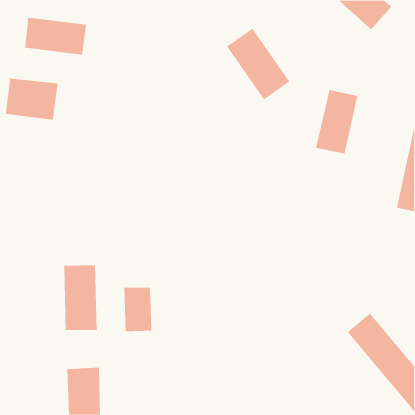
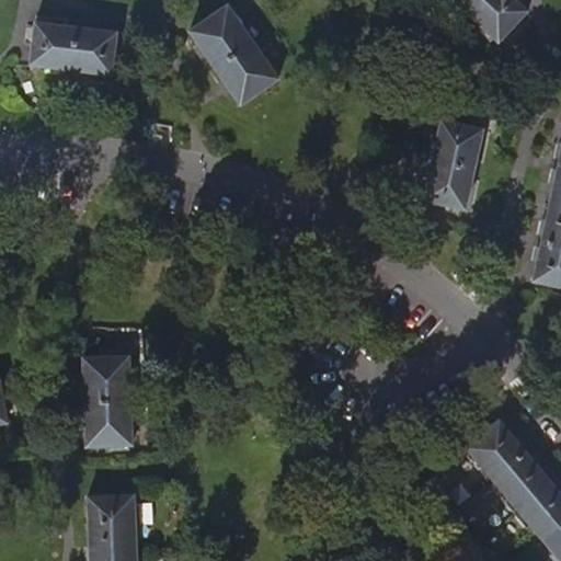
building: [226,28,290,100] -> [192,7,278,104]
building: [5,78,58,120] -> none
building: [124,287,152,332] -> none

